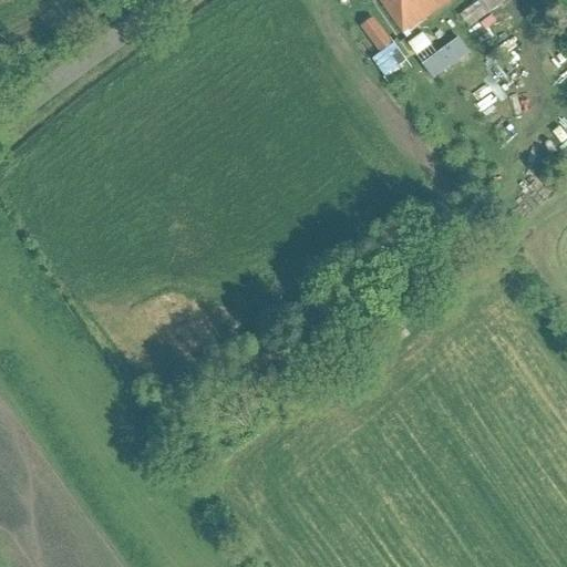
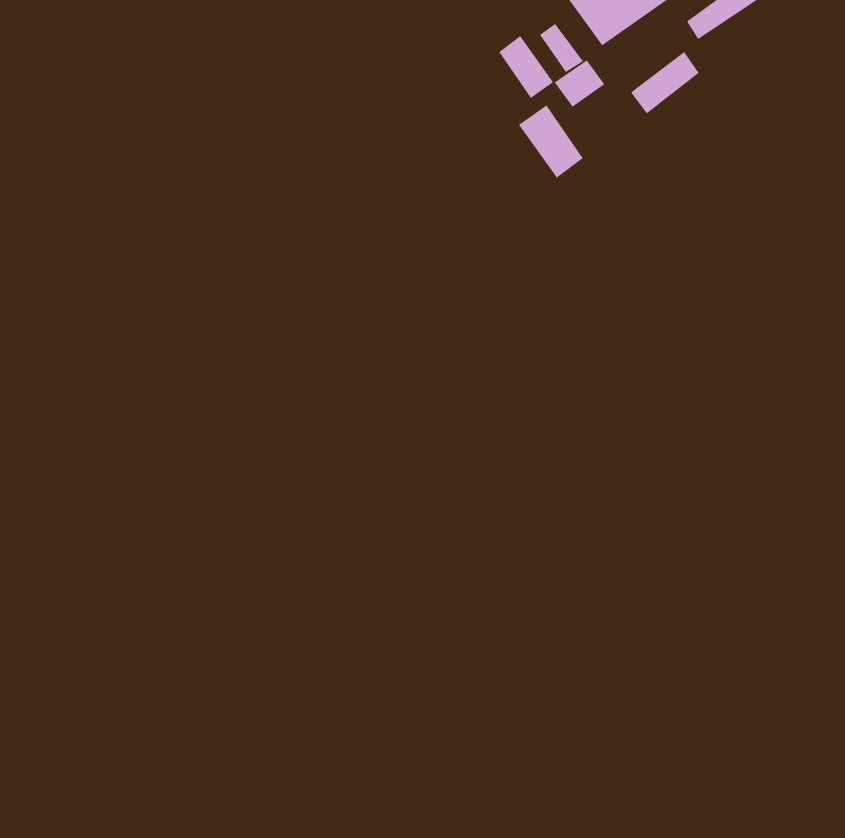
building: none -> [498,35,554,99]
building: none -> [518,104,584,179]

